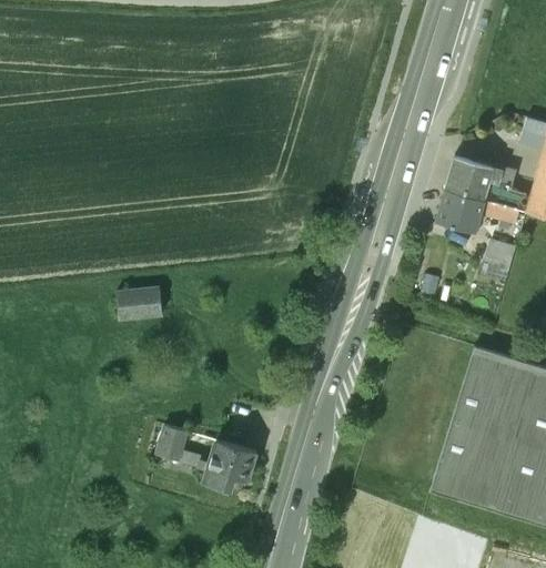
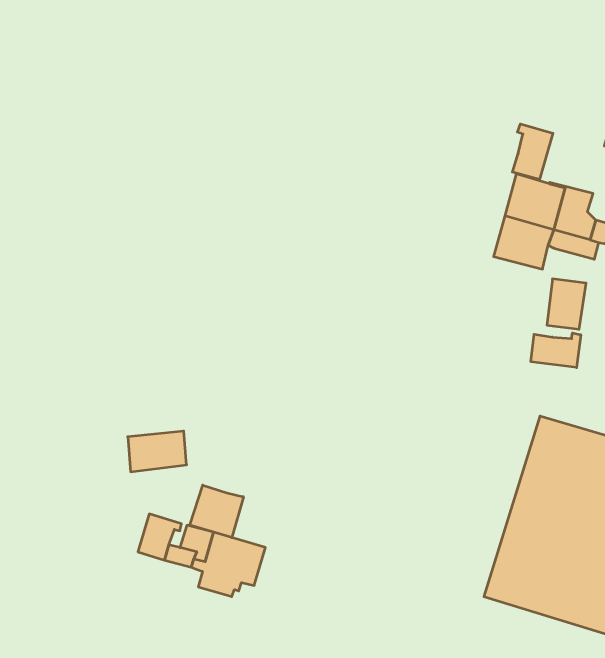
building: none -> [512,124,553,179]
building: none -> [531,333,581,368]
building: [117,287,163,320] -> [128,431,187,472]
building: none -> [190,485,243,538]

